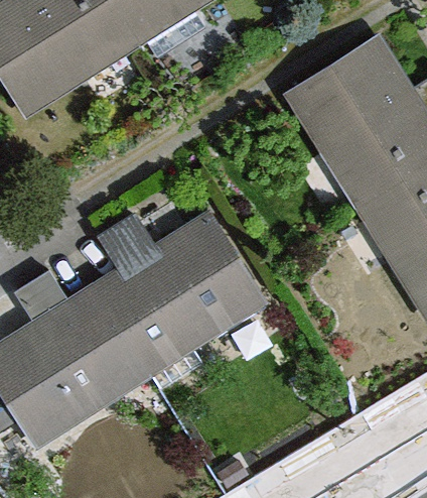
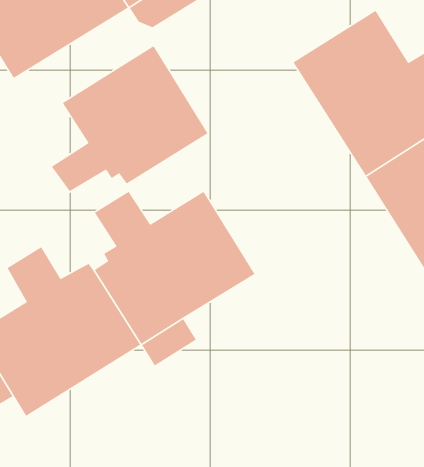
building: none -> [51,45,209,192]

